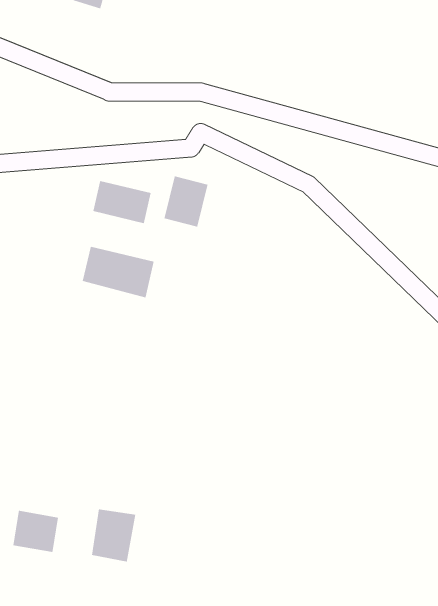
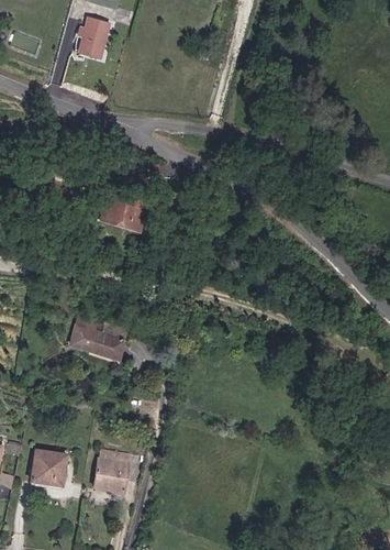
building: [164,175,208,228] -> none
building: [82,246,155,298] -> [74,319,131,360]

